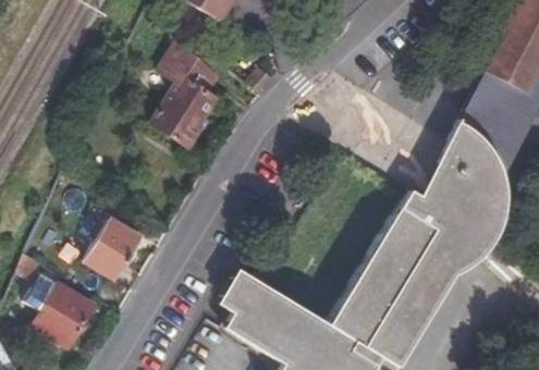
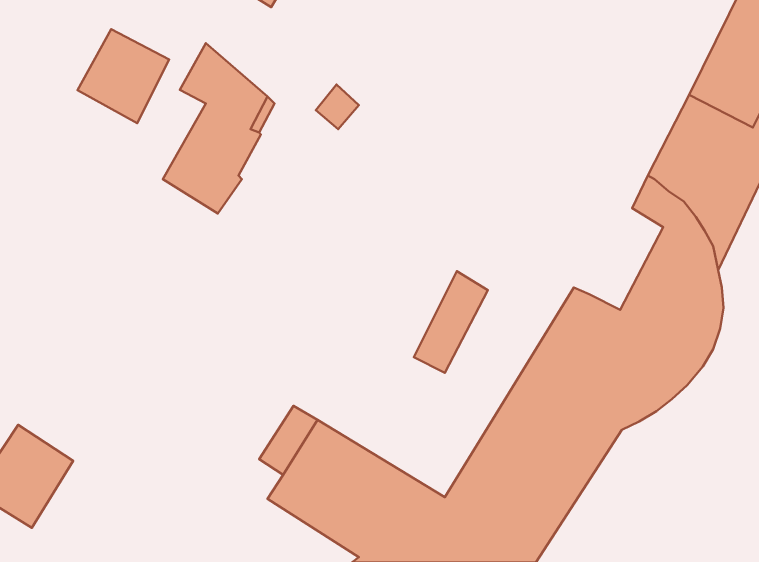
building: none -> [77,29,169,123]
building: [422,144,469,208] -> [414,271,488,373]
building: [84,218,140,280] -> none

